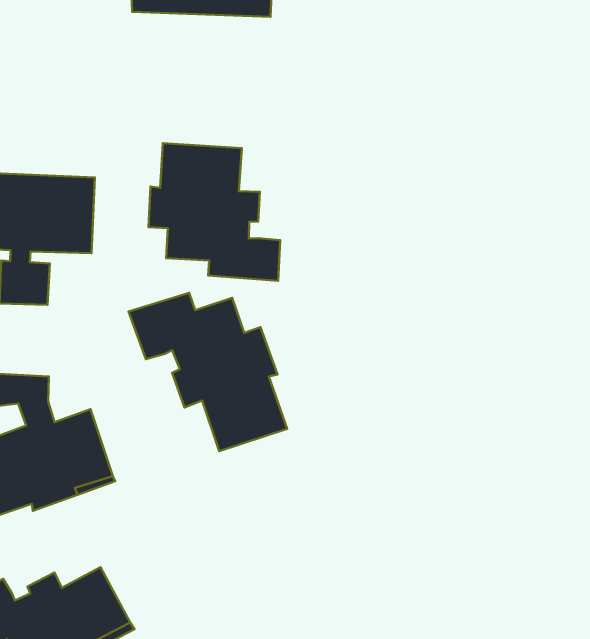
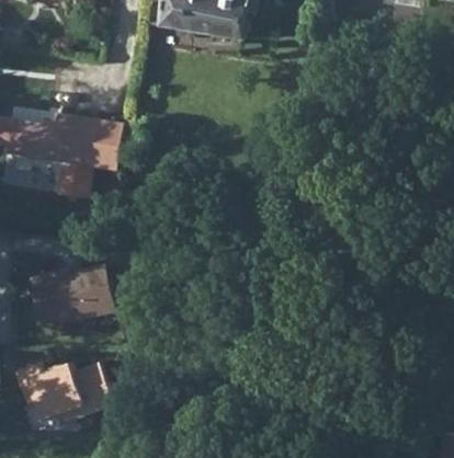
building: [149,143,280,281] -> none
building: [129,293,287,451] -> none

